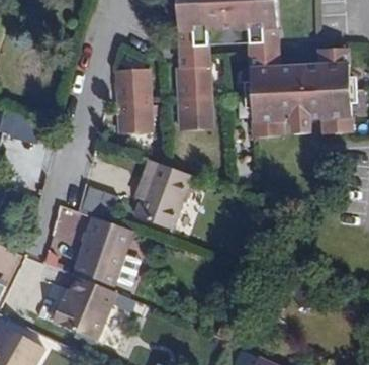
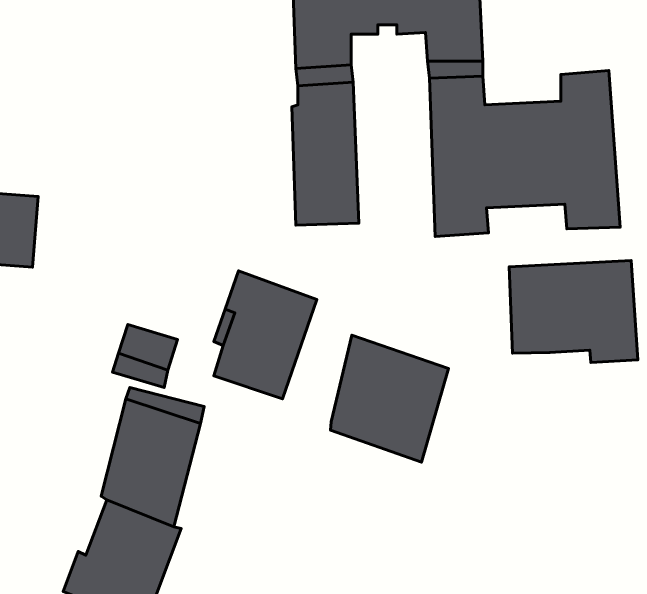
building: [116,70,151,134] -> none
building: none -> [509,260,638,362]
building: none -> [330,335,449,462]

